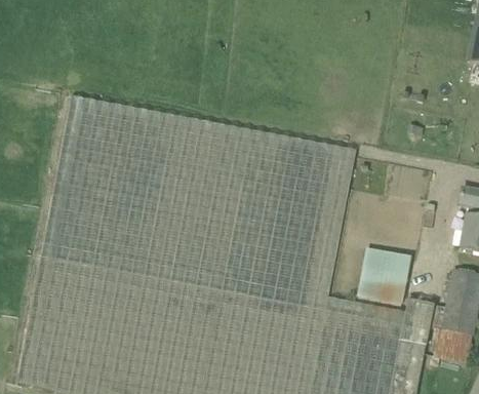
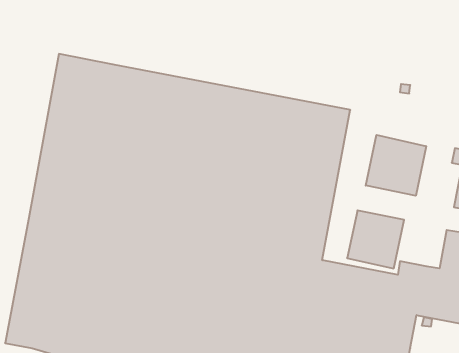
building: none -> [366,135,426,196]

